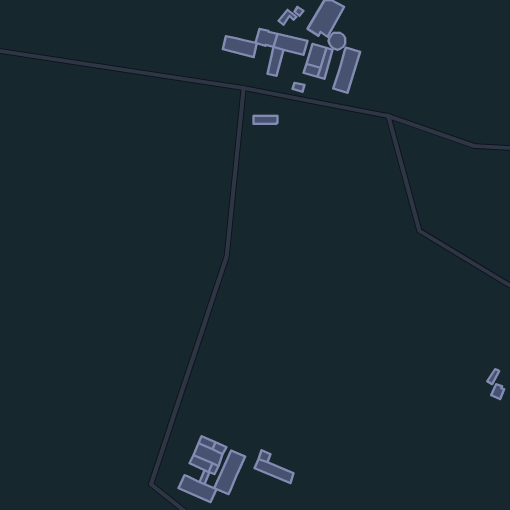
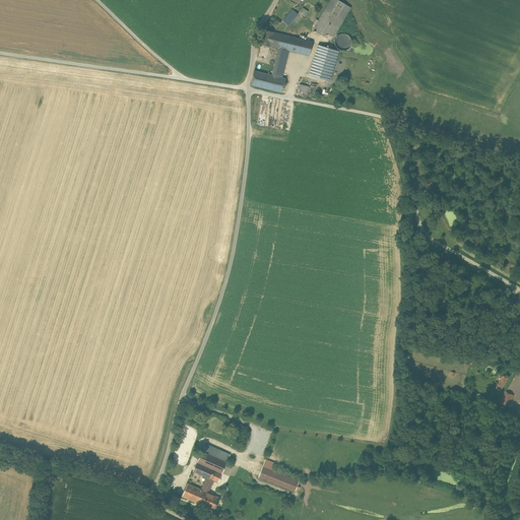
building: [223,36,257,57] -> [251,71,285,92]
building: [333,48,360,93] -> none
building: [214,451,245,494] -> none

